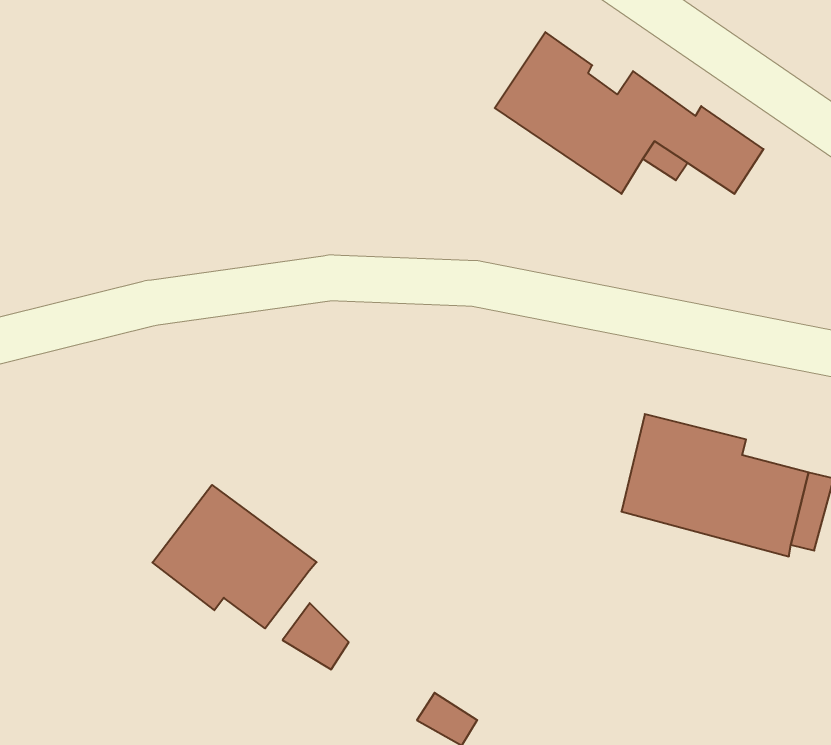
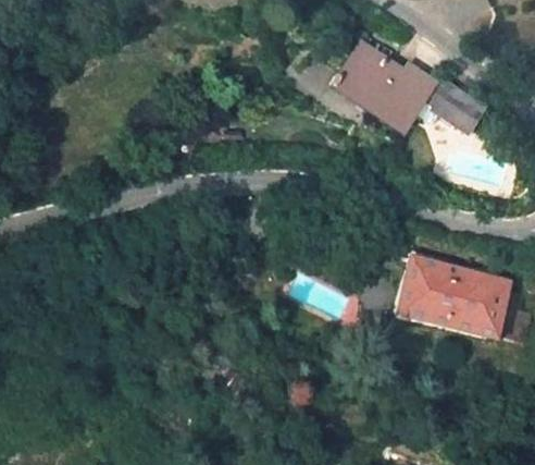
building: [152,485,317,628] -> none

